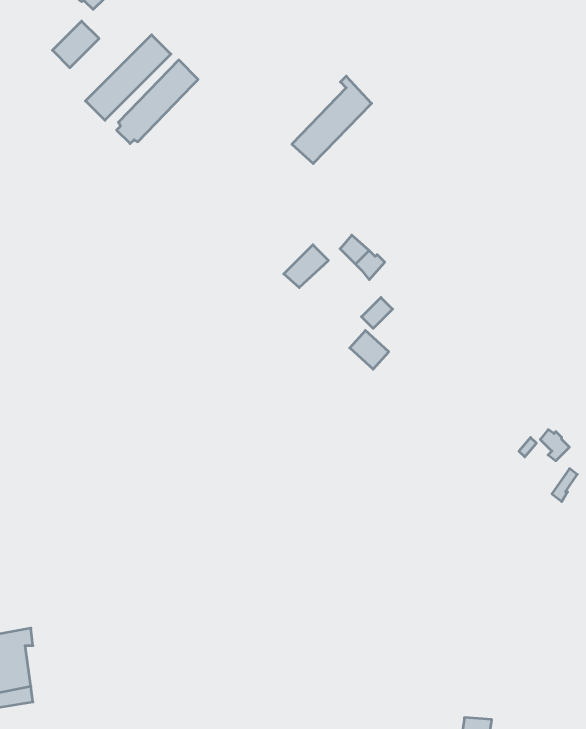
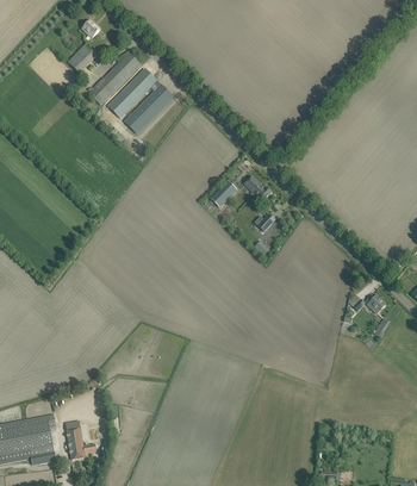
building: [292,76,372,164] -> [123,80,172,133]
building: none -> [64,420,95,460]

